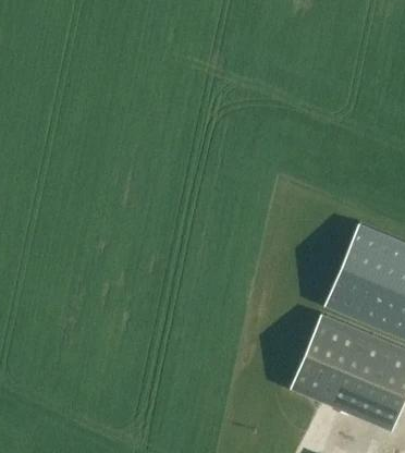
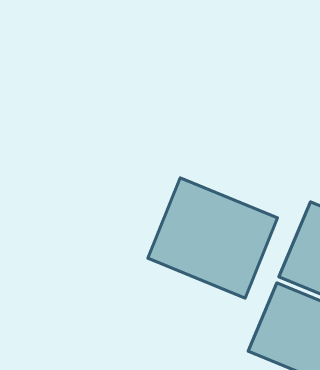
building: none -> [148,178,277,298]

